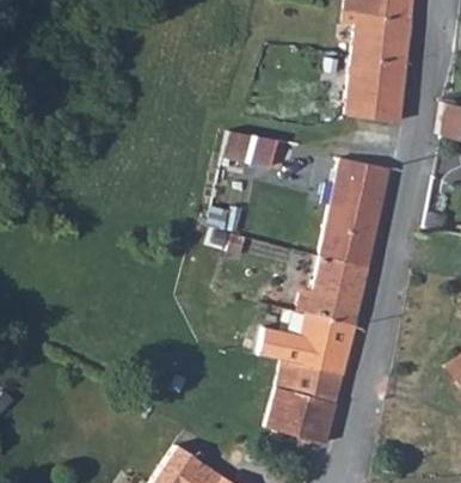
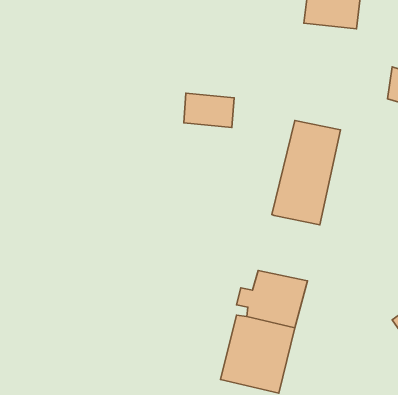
building: [345,55,406,121] -> none
building: [303,256,368,324] -> none

